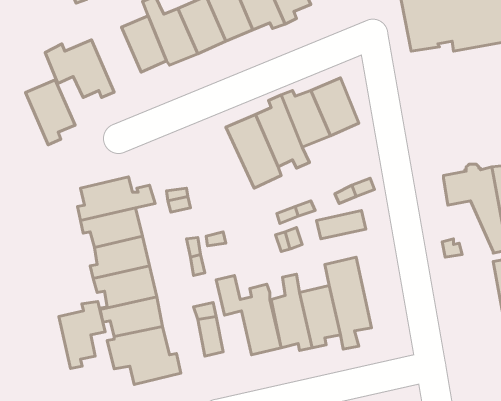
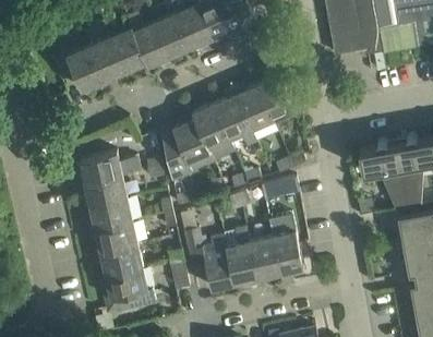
building: [26,80,75,145] -> [87,36,125,86]
building: none -> [165,113,213,180]
building: [59,301,105,369] -> none

